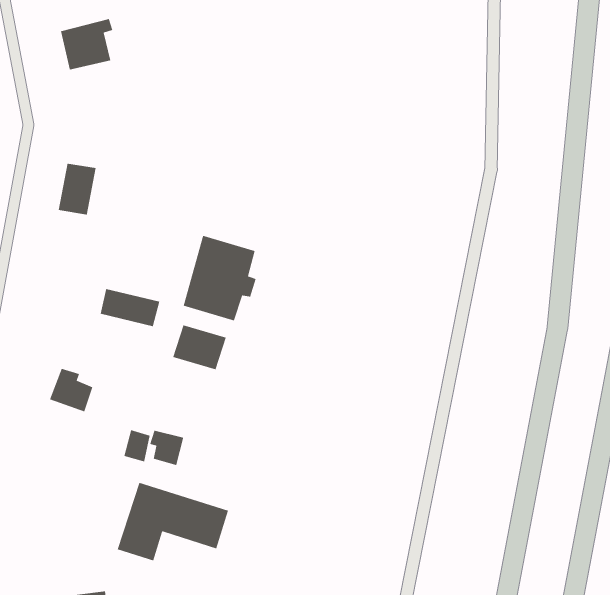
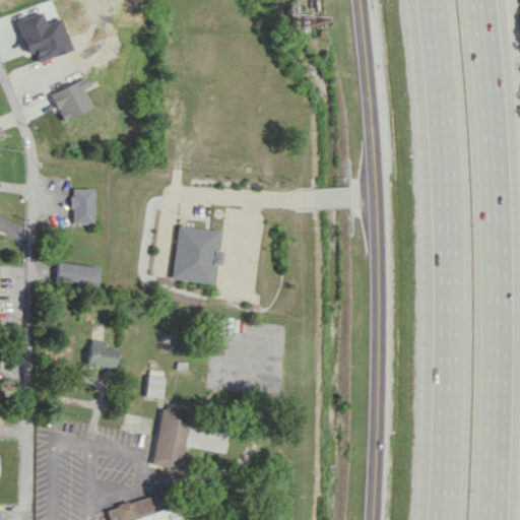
building: [100,288,160,327] -> [56,263,99,285]
building: [173,324,226,370] -> none
building: [150,430,184,466] -> none

